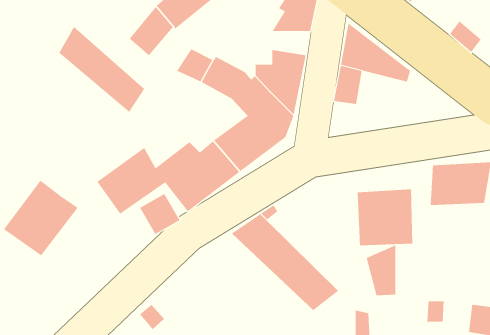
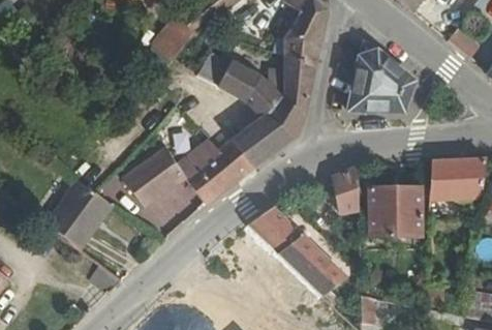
building: [58,26,145,113] -> none
building: none -> [274,36,321,60]
building: none -> [364,74,410,110]
building: [366,244,396,296] -> [333,164,361,212]

